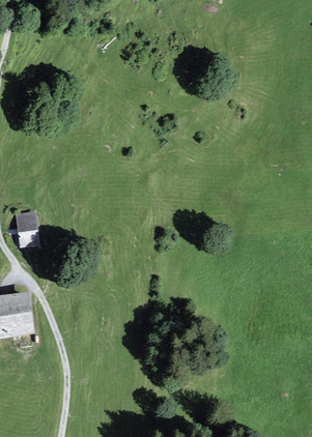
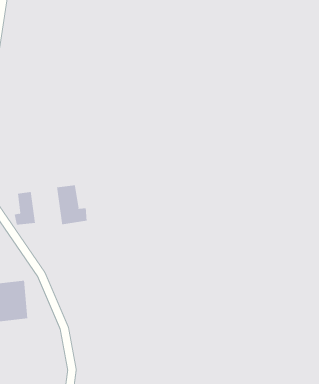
building: none -> [57,185,87,225]

